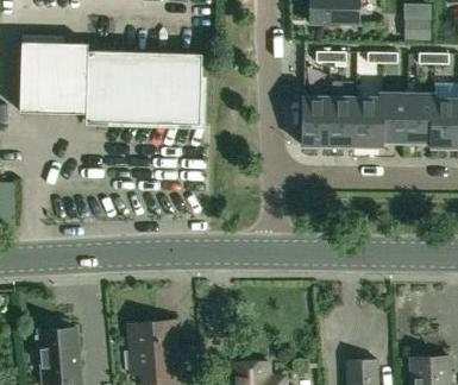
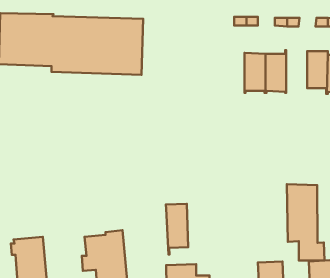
building: [302,83,330,146] -> none
building: [381,93,407,143] -> none
building: none -> [287,184,325,260]
building: none -> [166,204,188,255]

